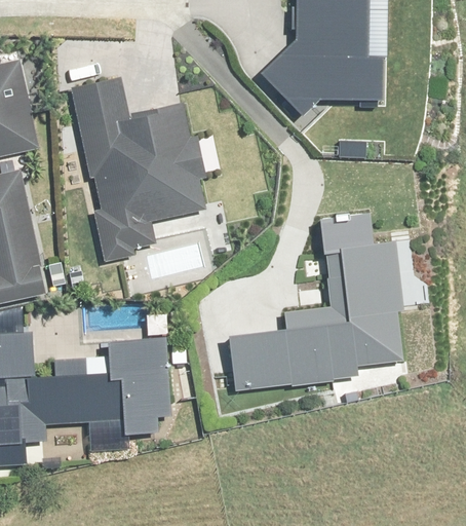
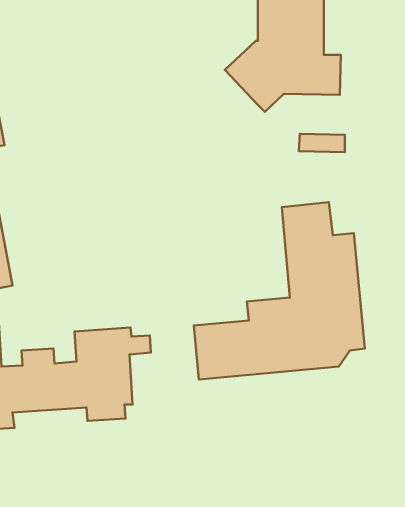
building: [61,77,205,261] -> none

